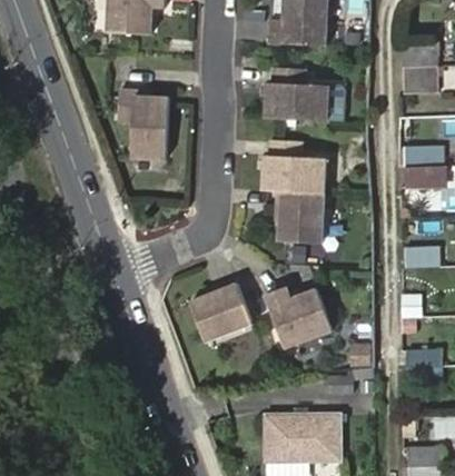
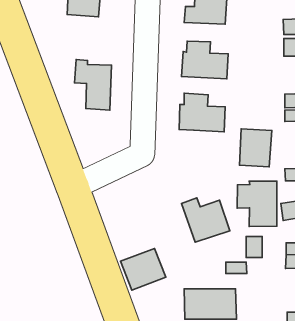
building: [278,192,323,245] -> [240,129,272,167]
building: none -> [237,181,277,227]
building: [187,282,249,340] -> [121,248,166,290]

